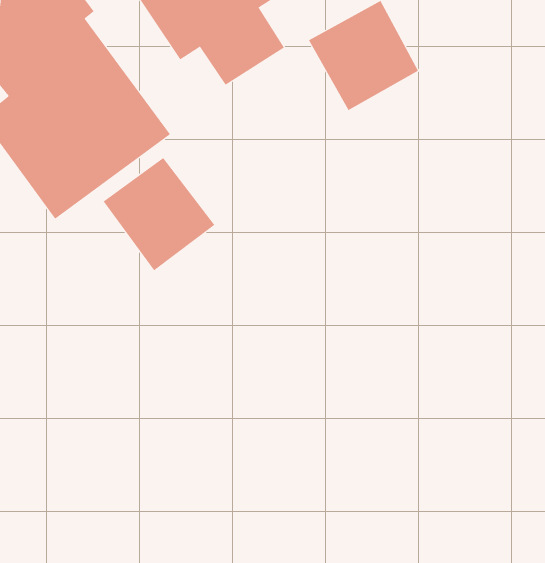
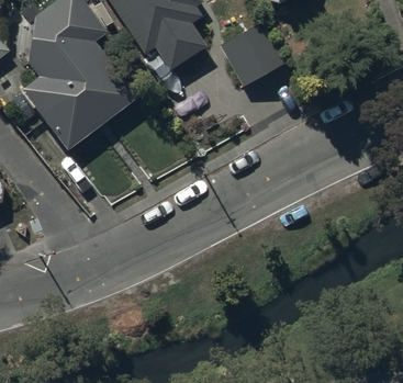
building: [103,157,215,271] -> none

